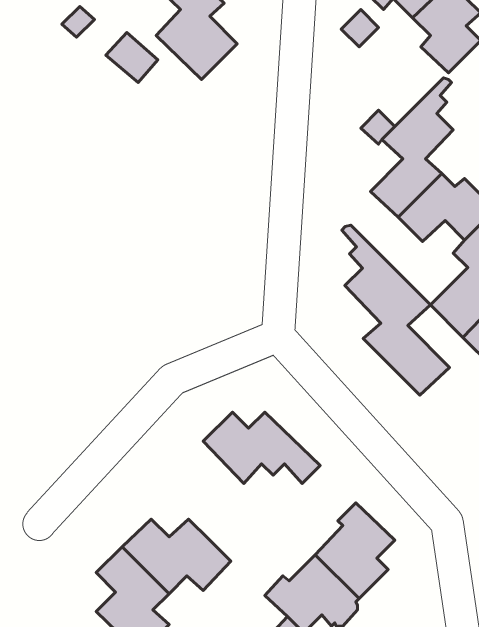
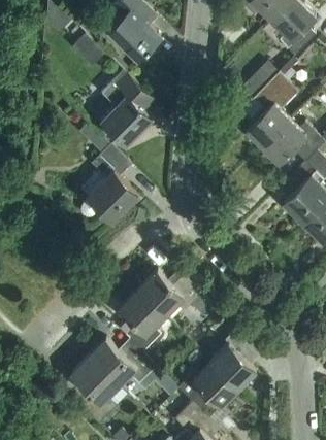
building: none -> [100,70,153,145]
building: none -> [80,144,139,222]
building: [342,225,450,395] -> none
building: none -> [120,290,165,352]

